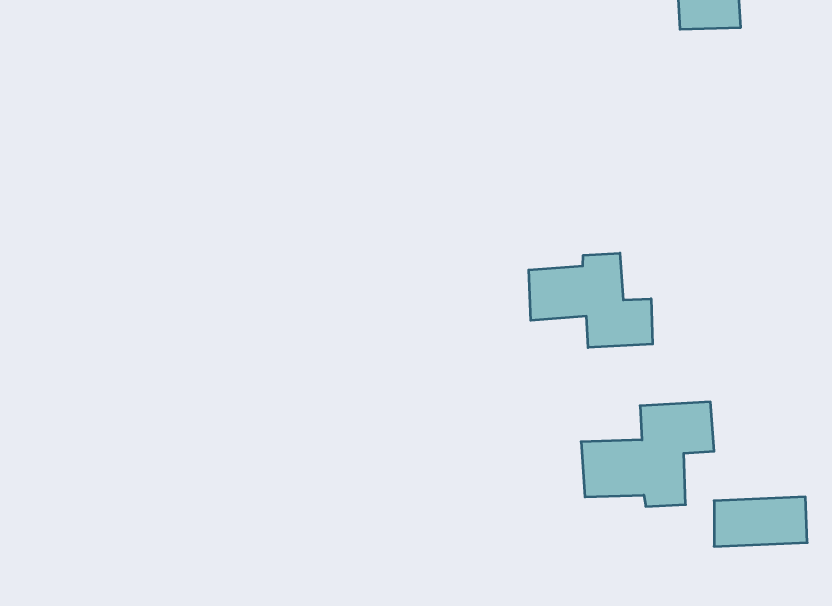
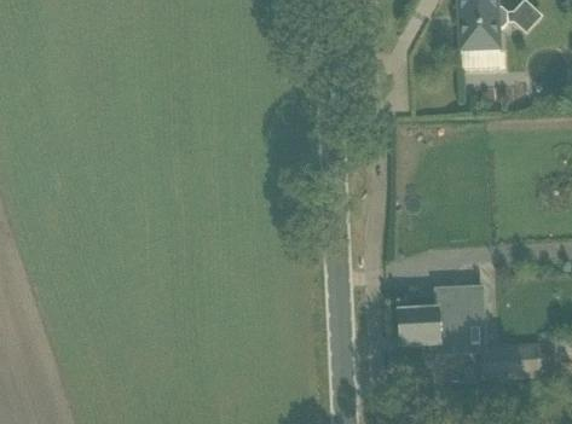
building: [529,253,653,348] -> none

